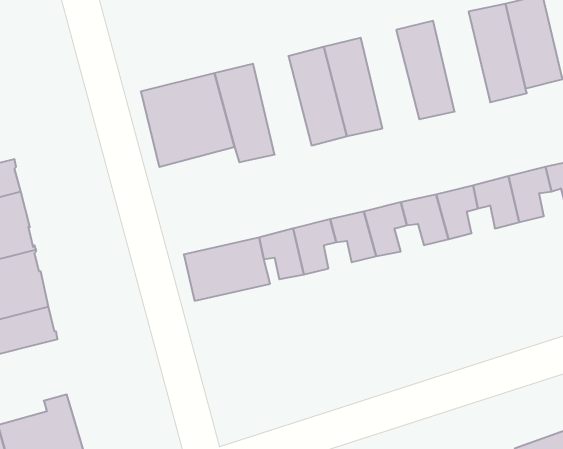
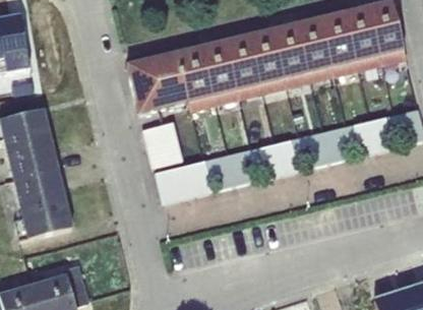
building: none -> [320,11,358,77]
building: none -> [273,23,311,88]
building: none -> [201,41,240,106]
building: none -> [143,121,184,168]

